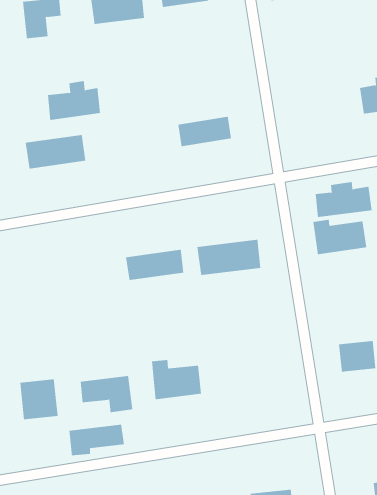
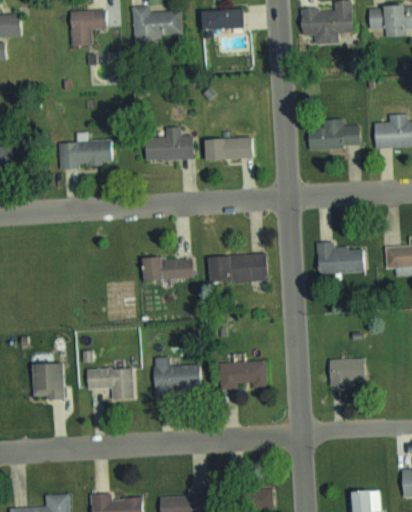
building: [47,80,101,121] -> [144,127,192,161]
building: [315,181,373,217] -> [308,119,360,149]
building: none -> [220,361,266,389]
building: [69,424,125,456] -> none

